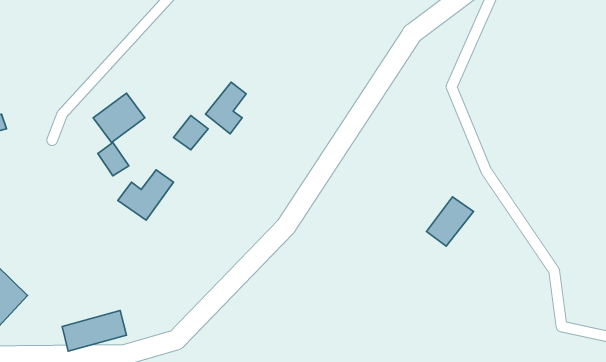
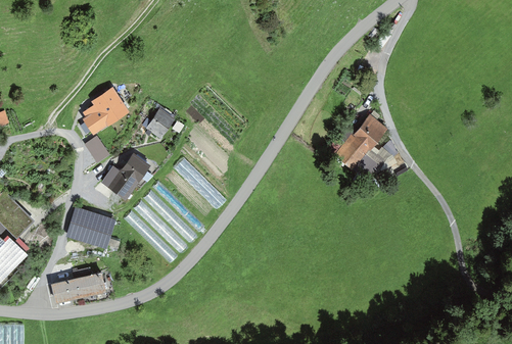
building: [206,82,246,134] -> none
building: [426,197,473,246] -> [342,120,381,161]
building: none -> [72,208,114,246]

